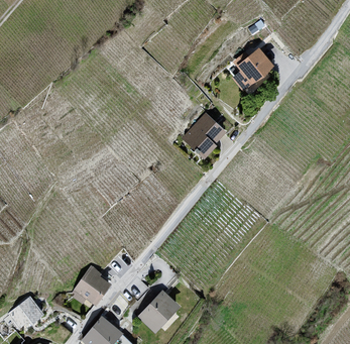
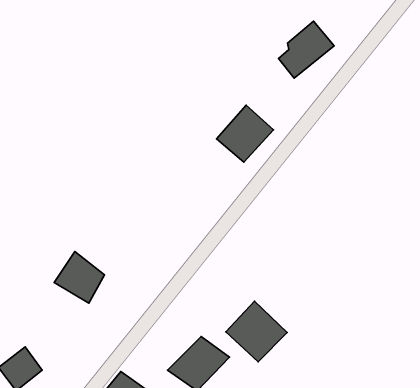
building: none -> [226,301,287,362]
building: [74,266,113,307] -> [54,251,104,303]

